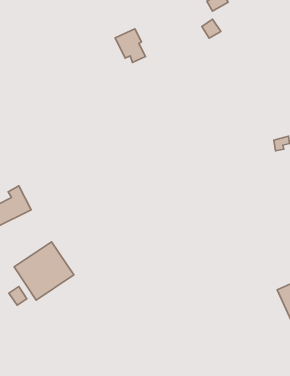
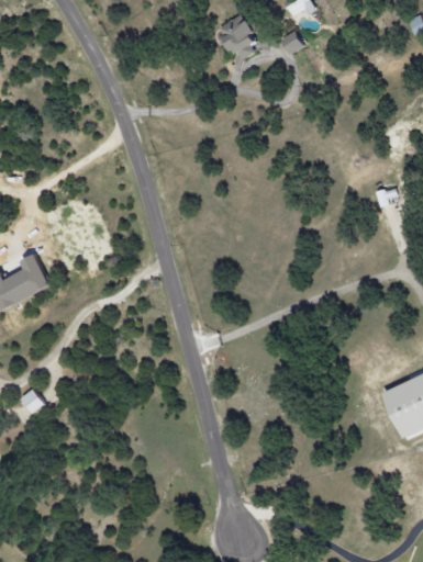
building: [115,29,146,62] -> [216,14,257,59]
building: [14,242,74,300] -> none

